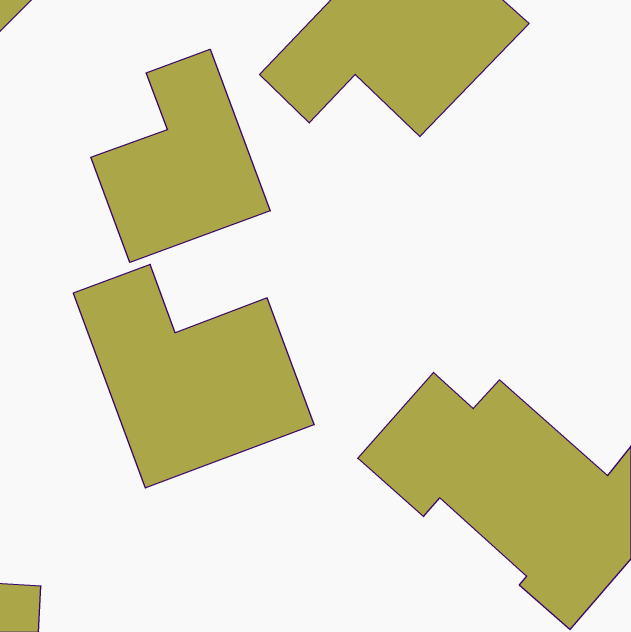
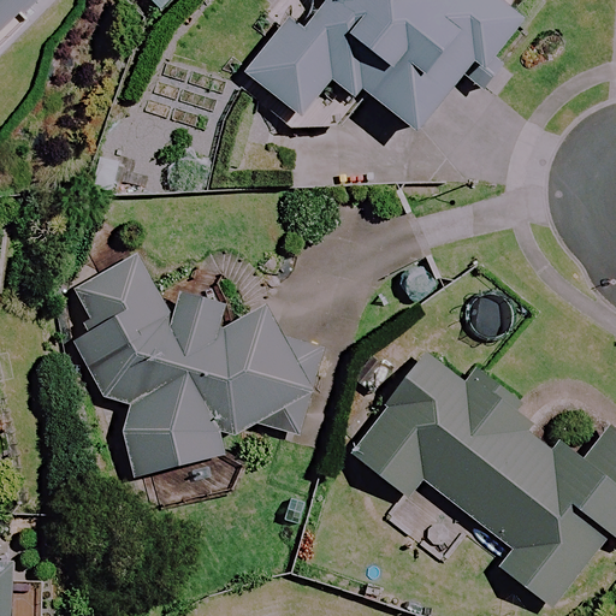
building: [91,49,270,262] -> none

